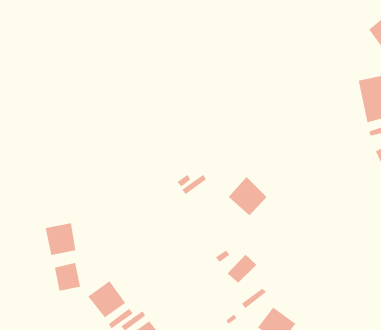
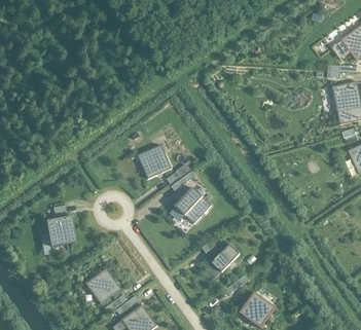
building: none -> [137,145,172,179]
building: [227,176,268,217] -> [174,187,211,224]
building: [54,261,81,293] -> none

